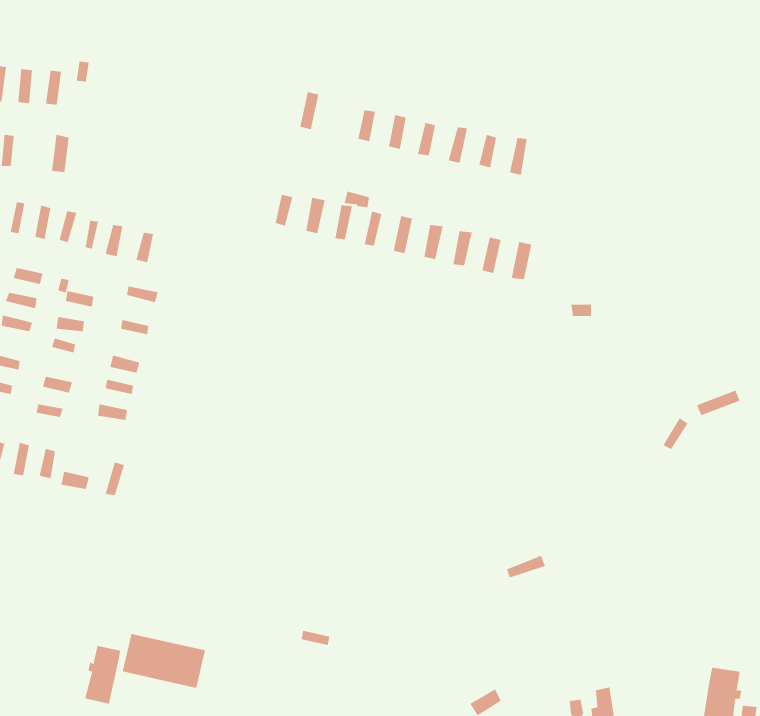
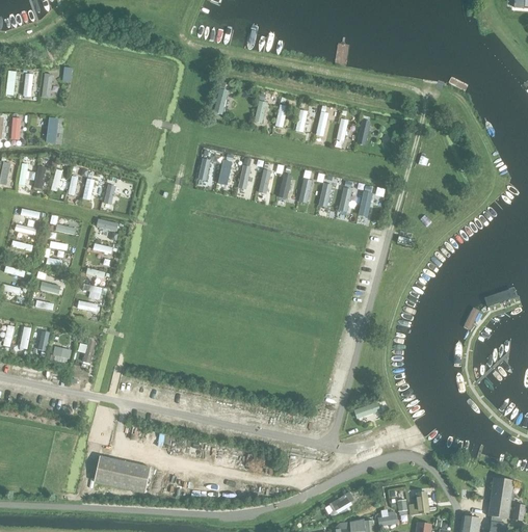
building: [84,645,121,705] -> none

